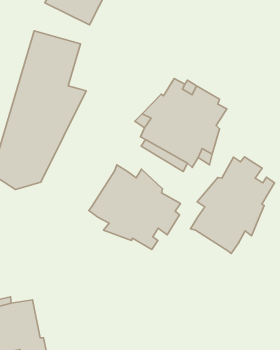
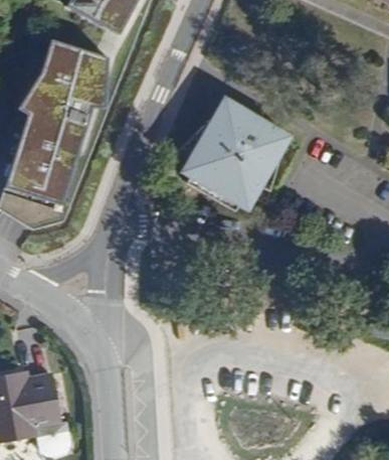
building: [190,157,275,253] -> none
building: [89,165,180,249] -> none

